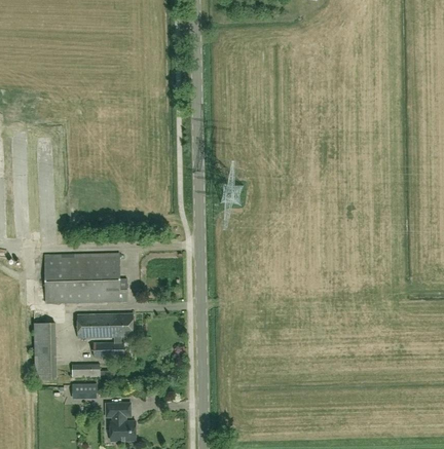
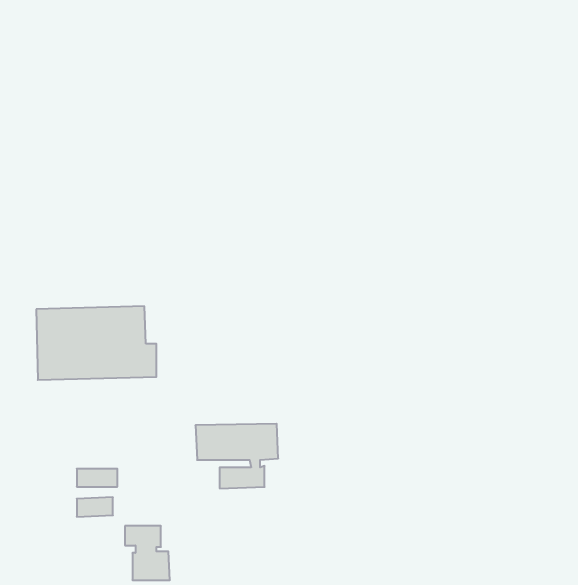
building: [76,312,133,357] -> [195,424,278,488]
building: [32,323,54,379] -> none

